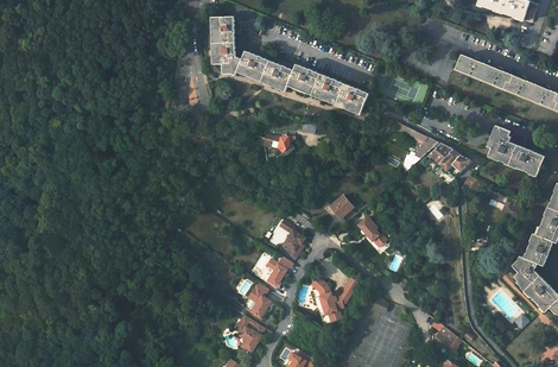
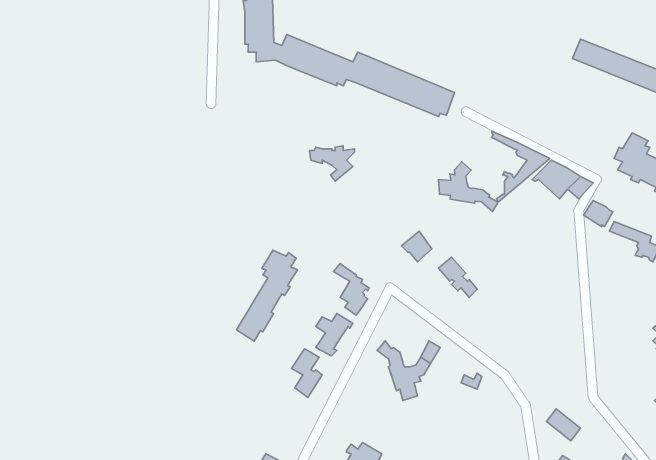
building: none -> [438,162,498,212]
building: none -> [236,250,297,341]
building: [236,316,265,353] -> none

